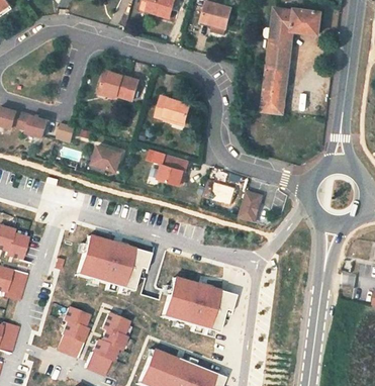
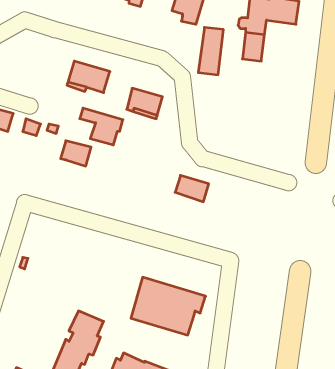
building: [261,67,285,112] -> [198,27,223,75]
building: [147,149,188,184] -> [80,108,123,145]
building: [238,190,259,222] -> none
building: [75,235,147,291] -> none
building: [57,304,92,357] -> none

